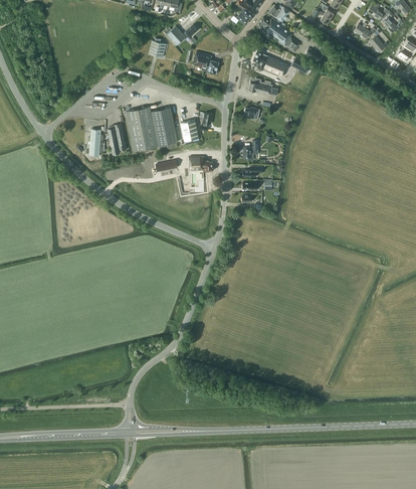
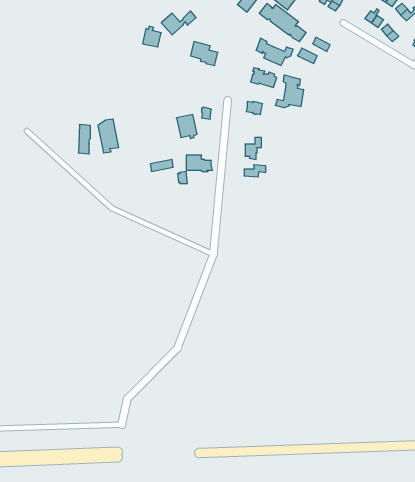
building: none -> [276,75,304,108]
building: [127,107,179,151] -> none

